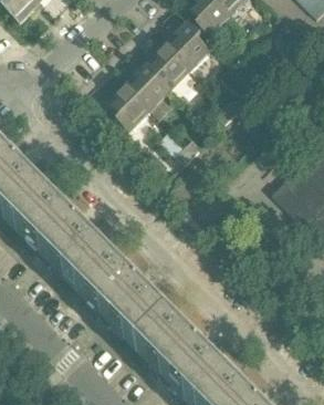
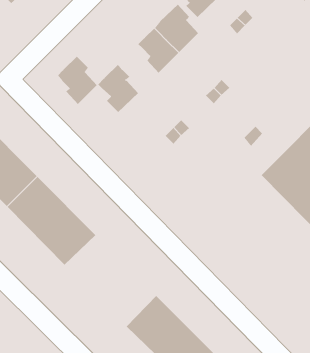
building: [128,60,169,110] -> [57,56,97,105]
building: [74,253,167,346] -> none

